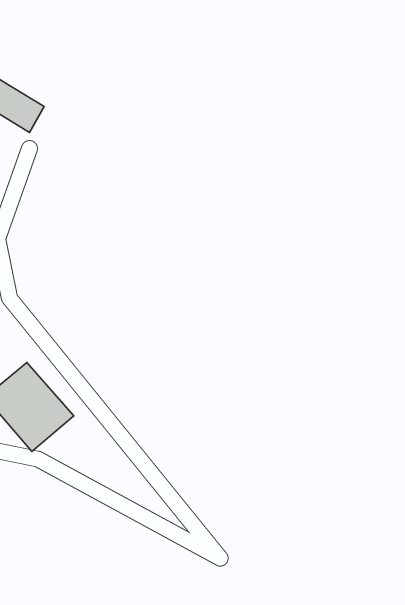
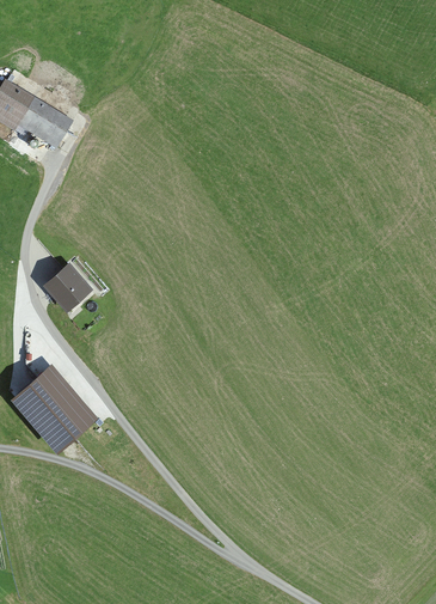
building: none -> [47,266,91,310]

